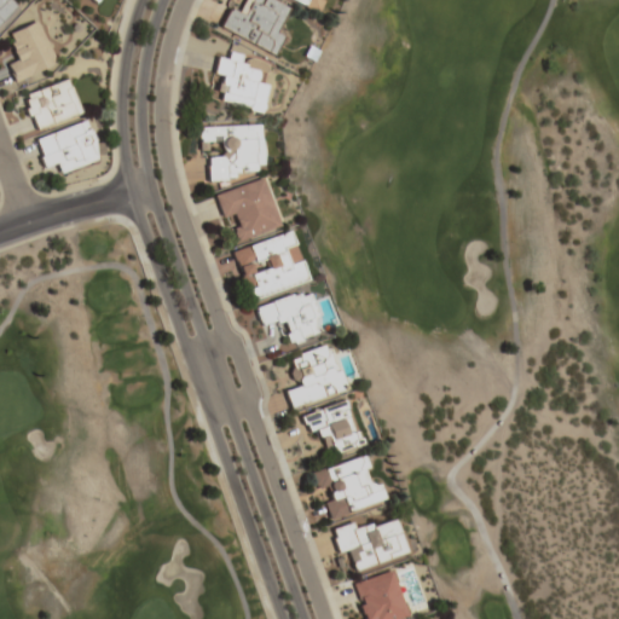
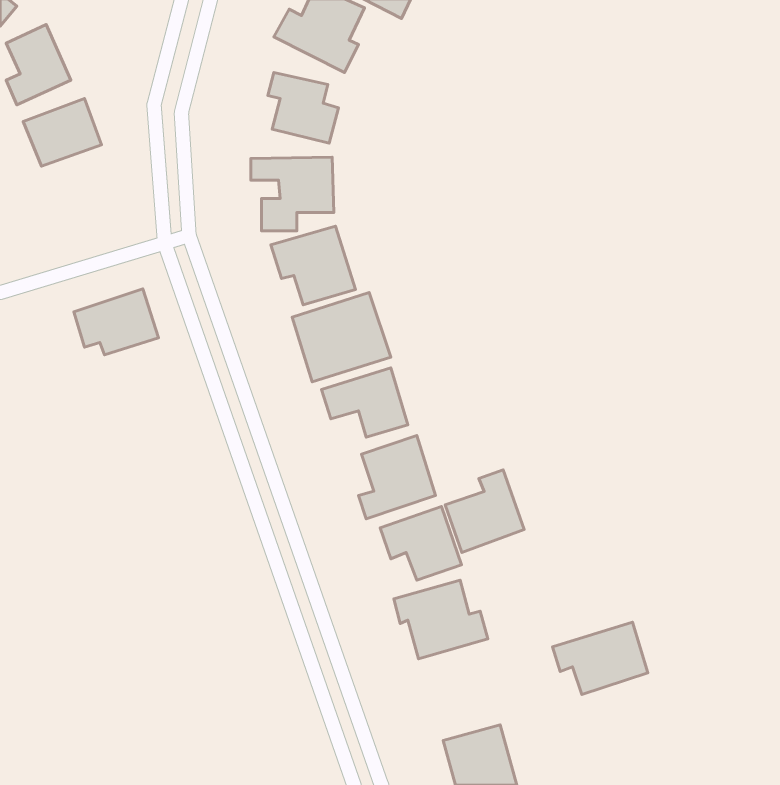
building: [37,120,104,172] -> [74,289,158,355]
building: none -> [445,470,524,553]
building: [335,514,410,571] -> [553,622,648,695]

